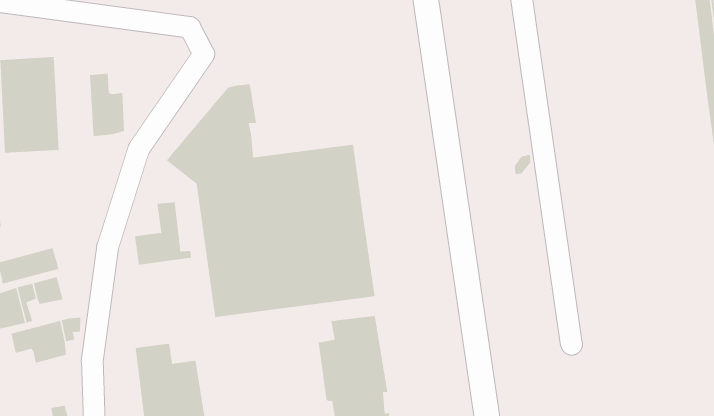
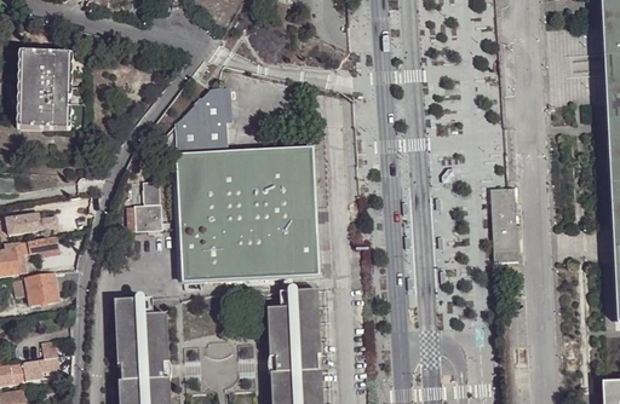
building: [90,73,125,137] -> none
building: none -> [490,175,518,259]

